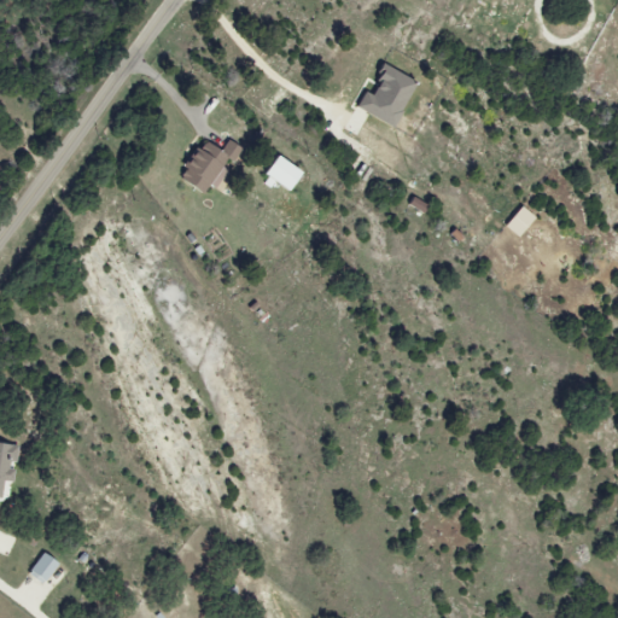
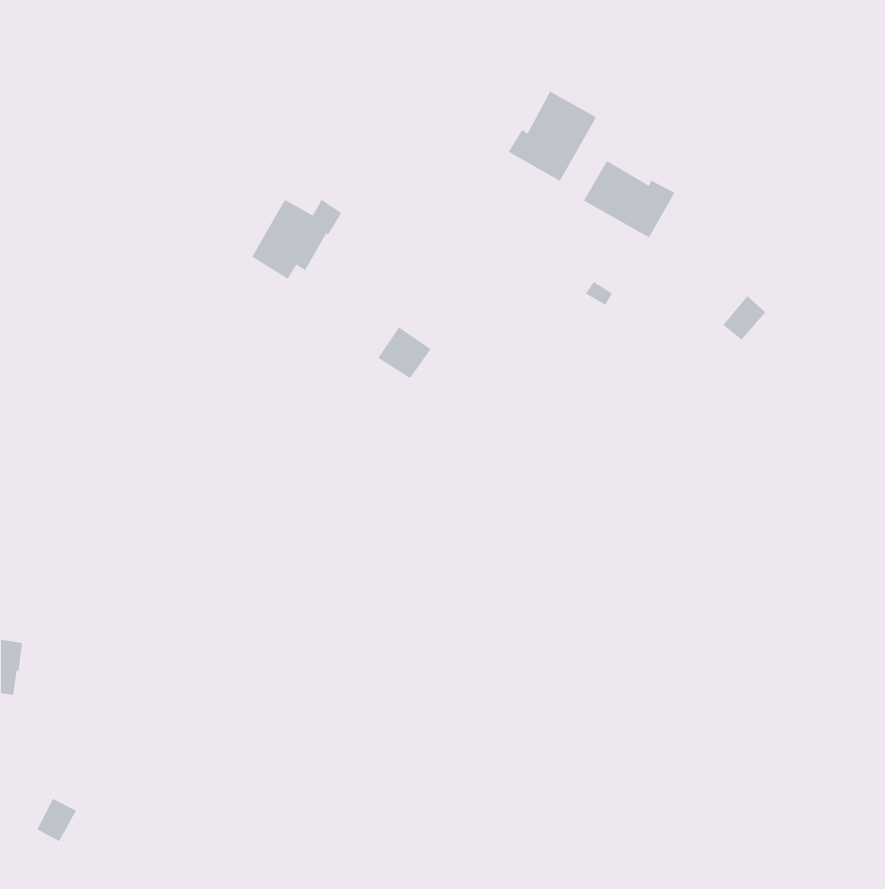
building: none -> [583,160,675,238]
building: [263,154,301,191] -> [377,326,432,379]

